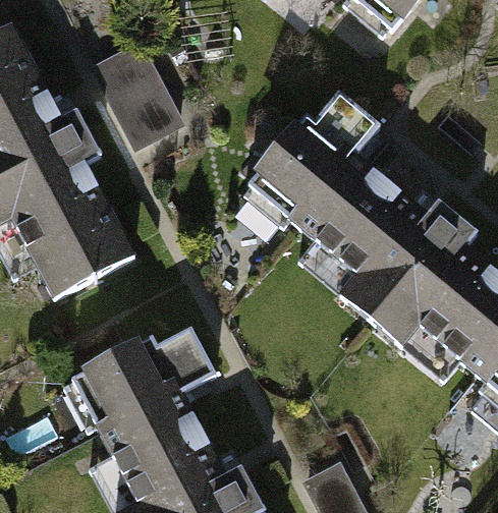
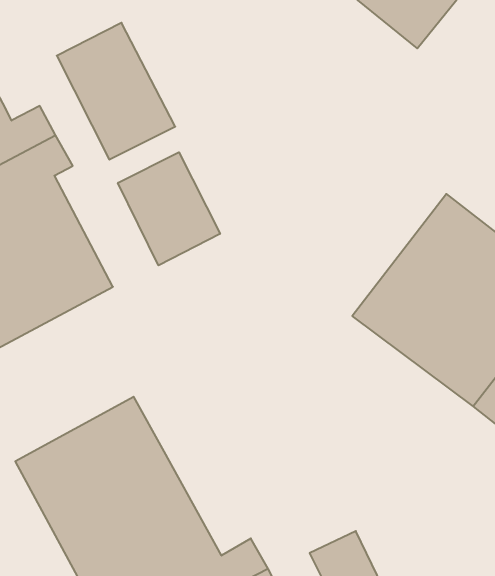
building: [238,104,411,278] -> none
building: none -> [118,152,220,265]

